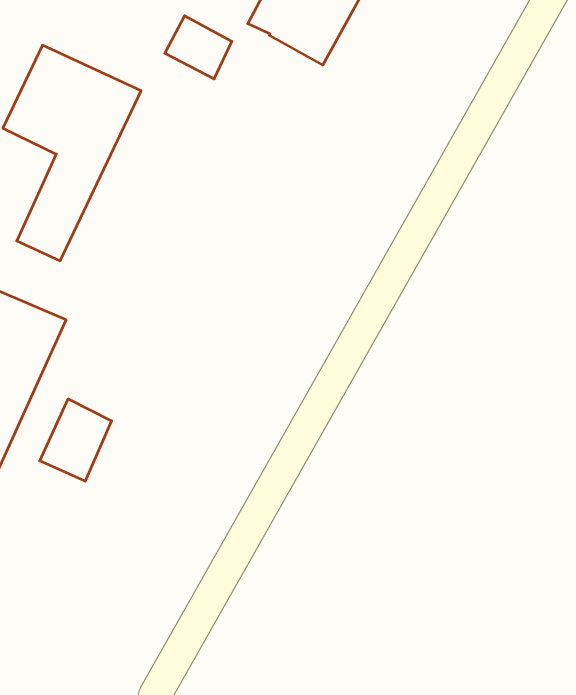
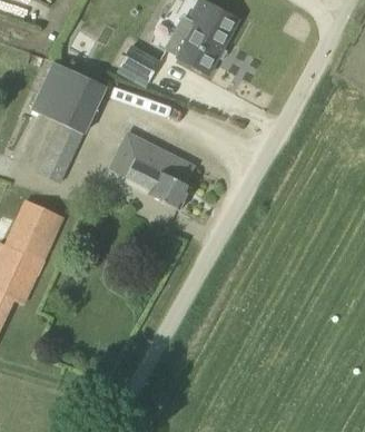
building: none -> [106,132,196,209]
building: [40,399,112,481] -> none

